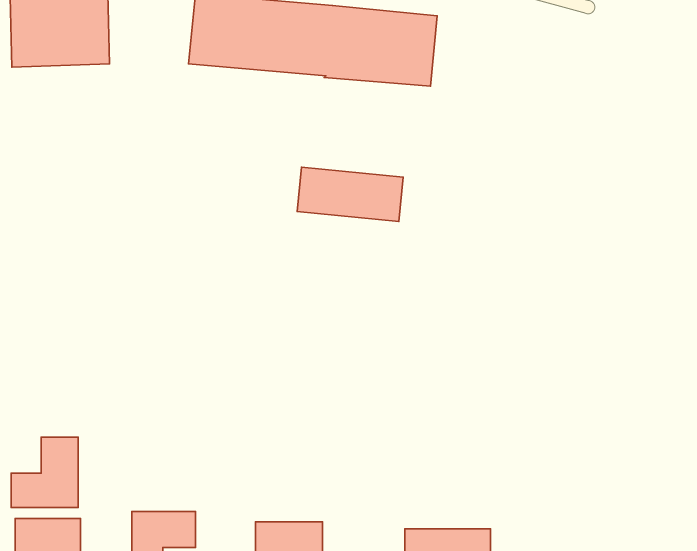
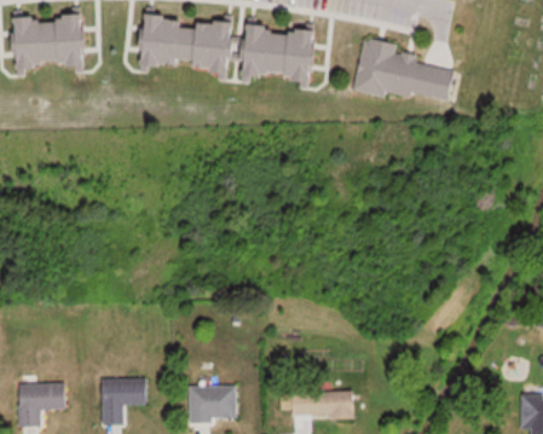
building: none -> [353,40,455,104]
building: [297,167,403,221] -> none
building: [11,437,78,507] -> none

